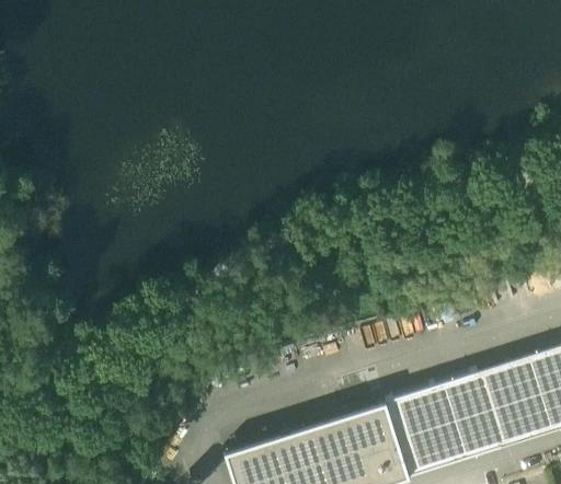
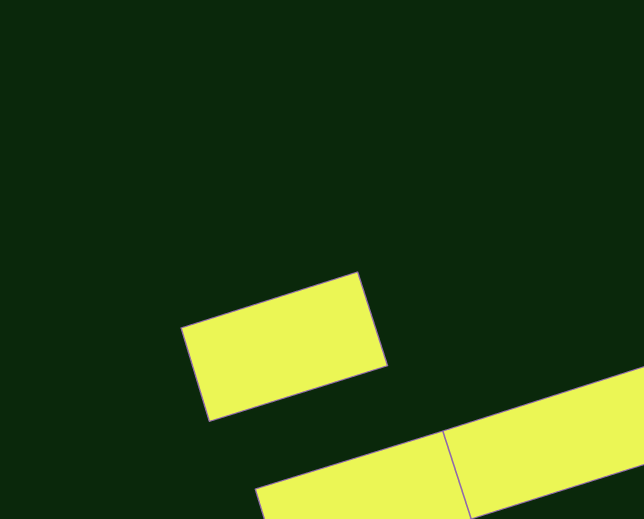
building: none -> [181,272,388,421]

